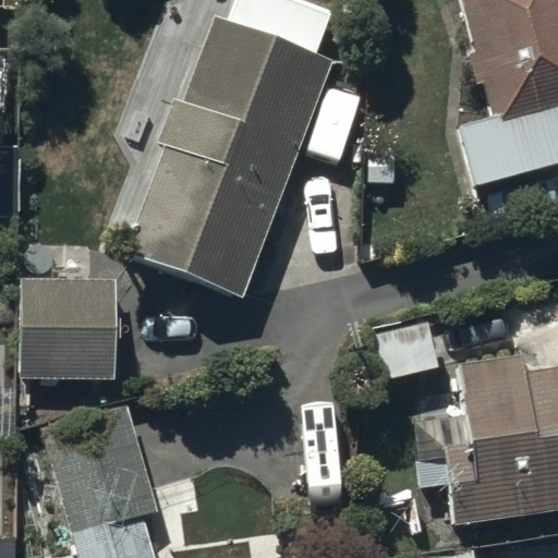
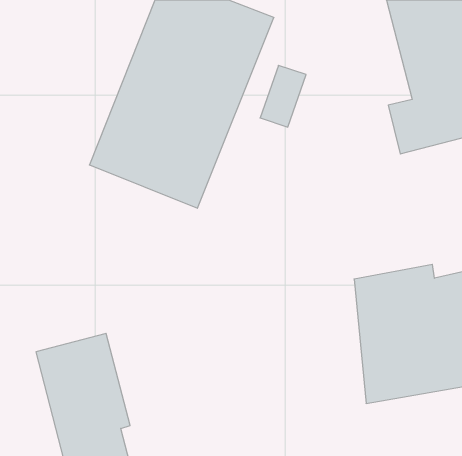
building: [28,287,126,386] -> none

